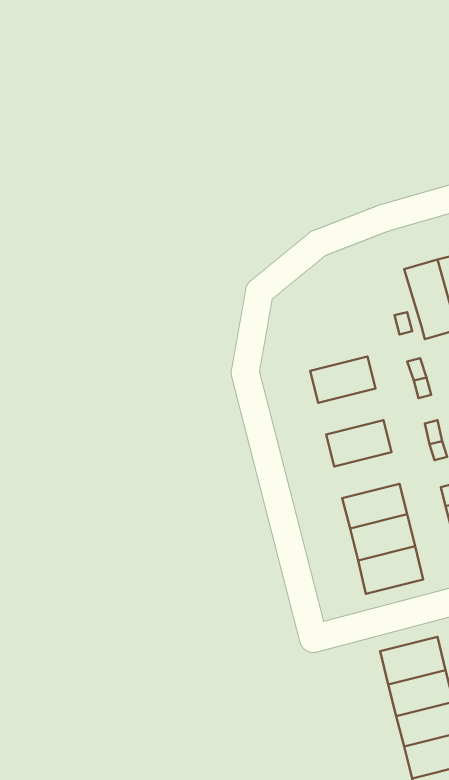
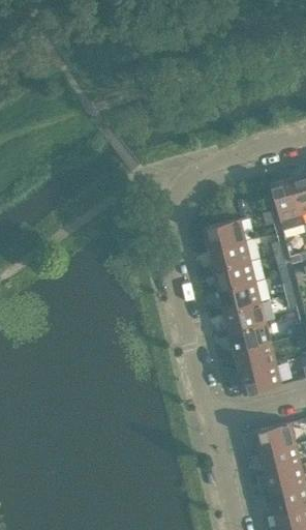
building: none -> [203,220,245,251]
building: none -> [213,262,255,292]
building: none -> [223,303,266,333]

